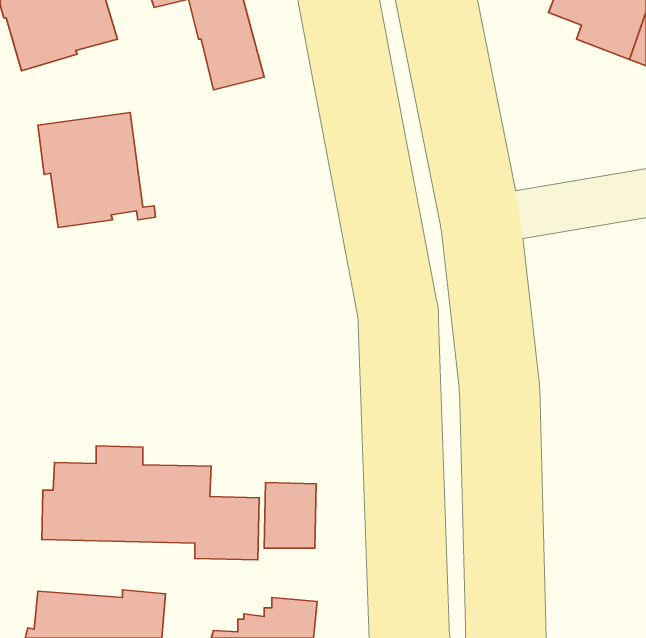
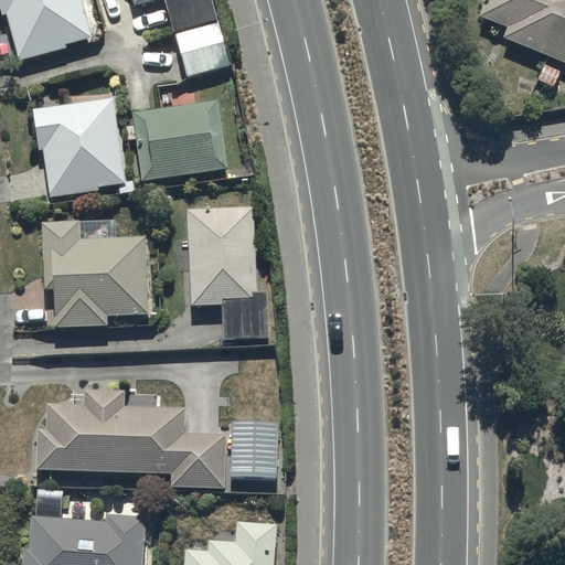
building: none -> [126,102,228,181]
building: none -> [188,203,268,341]
building: none -> [42,223,150,328]

